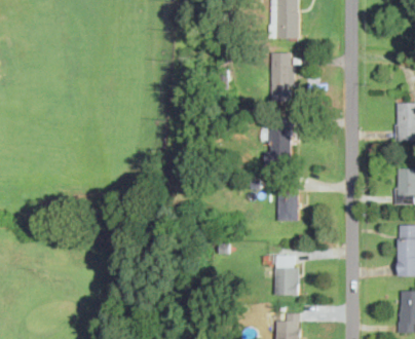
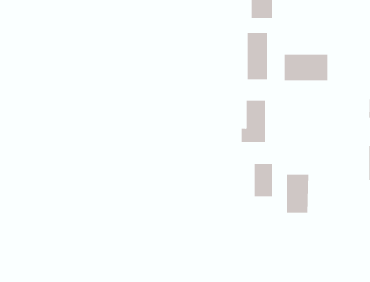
building: none -> [284,54,328,81]
building: [274,256,298,296] -> [286,174,309,213]

